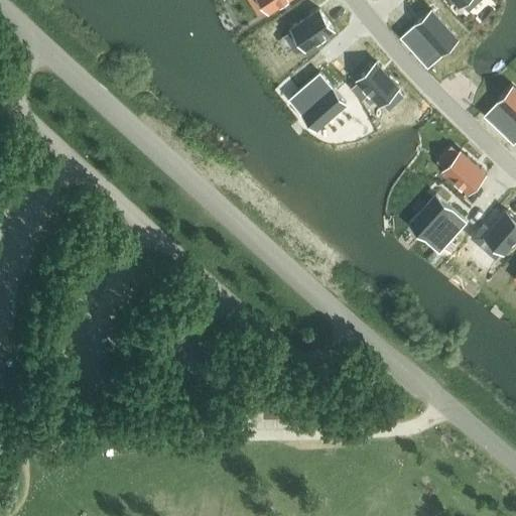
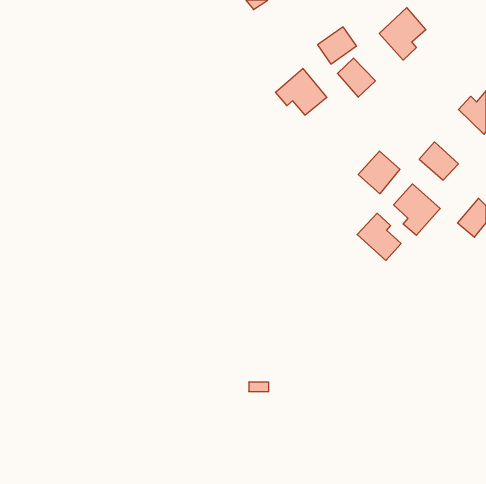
building: [291,11,333,50] -> [318,27,357,64]
building: none -> [358,151,400,194]
building: none -> [357,213,401,260]

